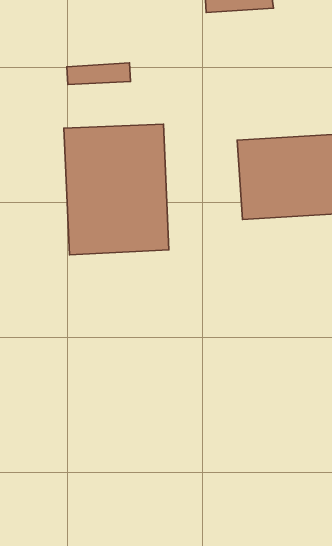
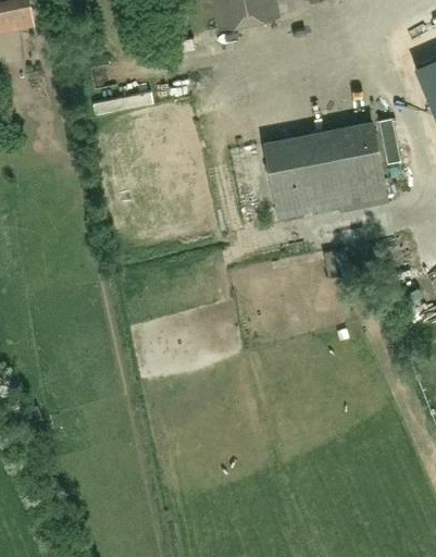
building: [64,124,169,255] -> none

